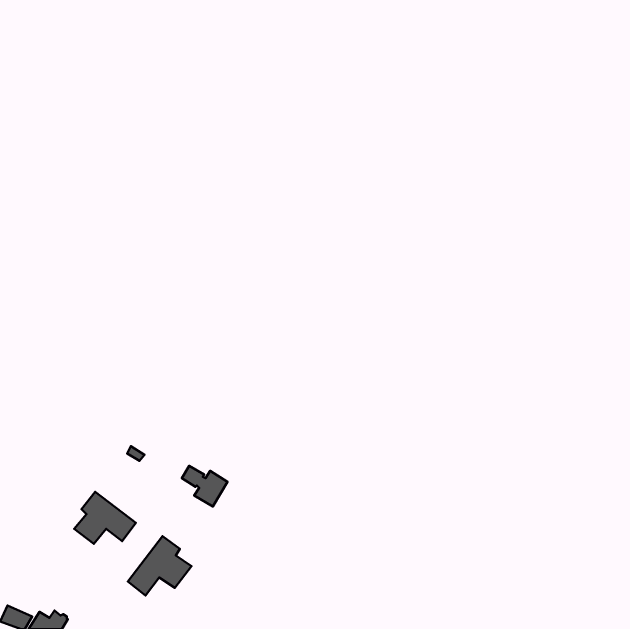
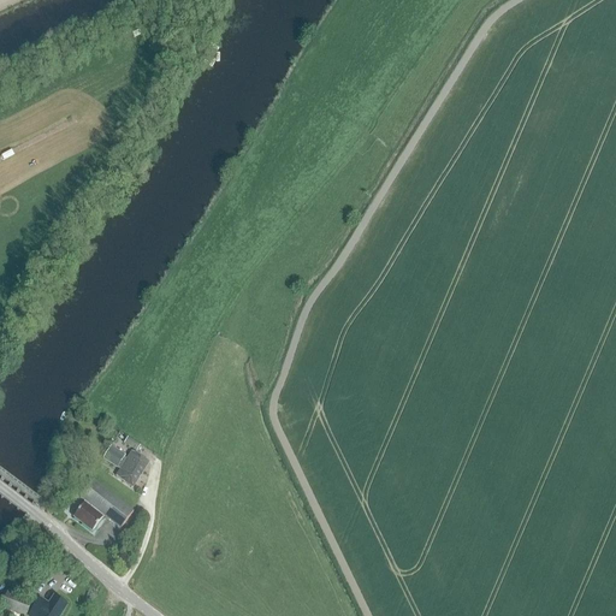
building: [182,466,228,507] -> [105,445,149,485]
building: [128,536,191,596] -> none

